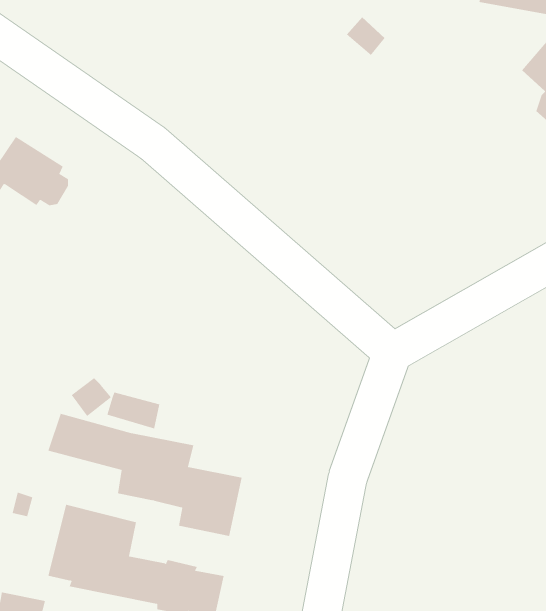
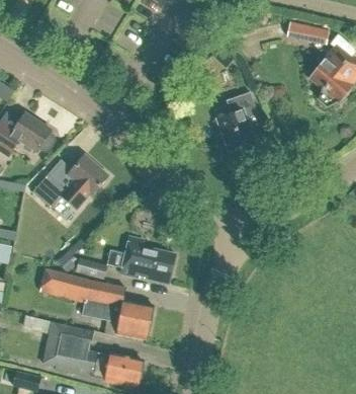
building: none -> [216,91,257,149]
building: none -> [23,154,108,216]
building: none -> [107,236,175,282]

